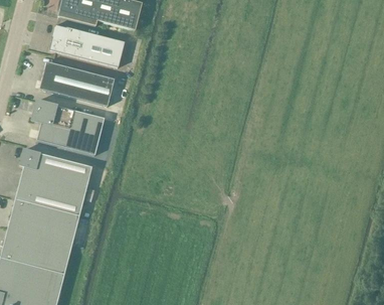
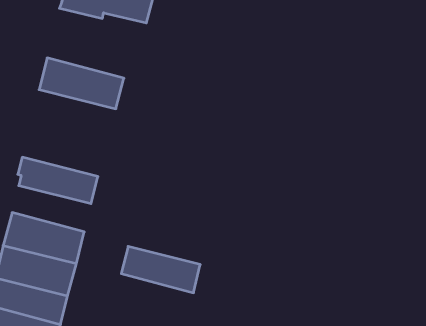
building: [49,24,125,66] -> none
building: [31,100,105,154] -> none
building: [15,174,85,215] -> [121,246,200,293]

